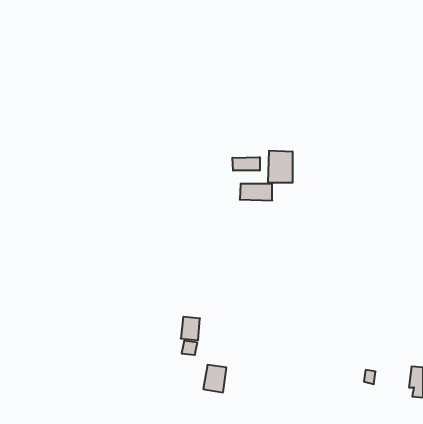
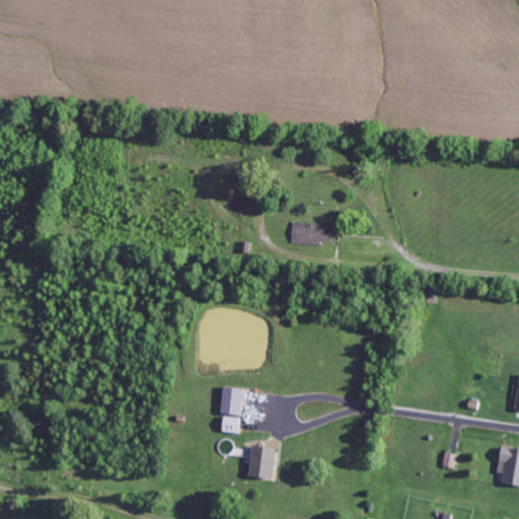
building: [268,151,293,183] -> none
building: [232,157,260,171] -> none

